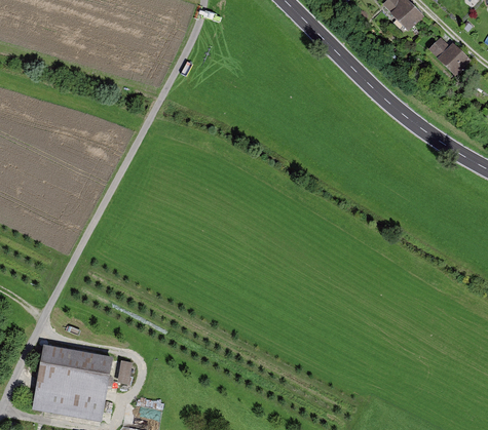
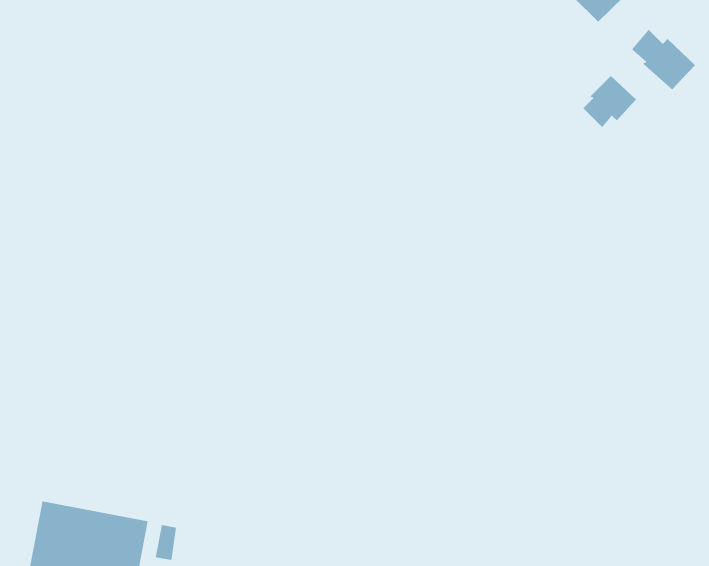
building: none -> [583,75,637,128]

